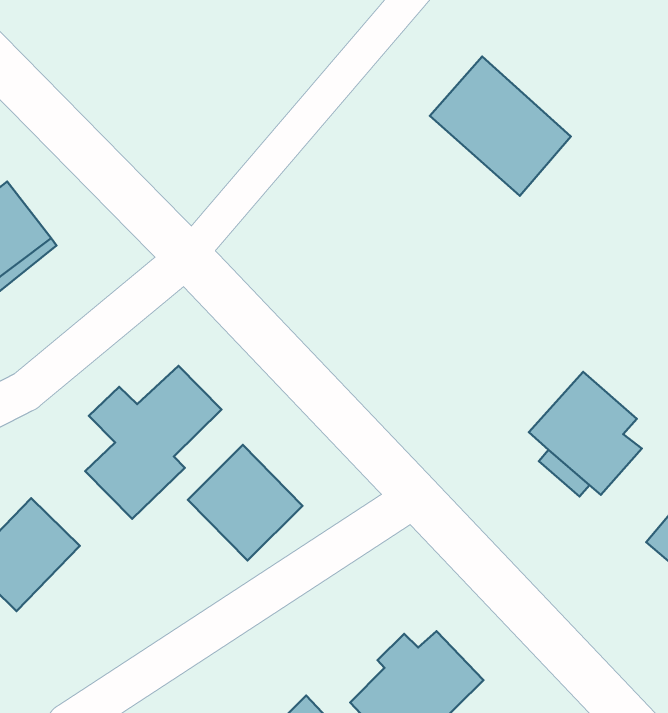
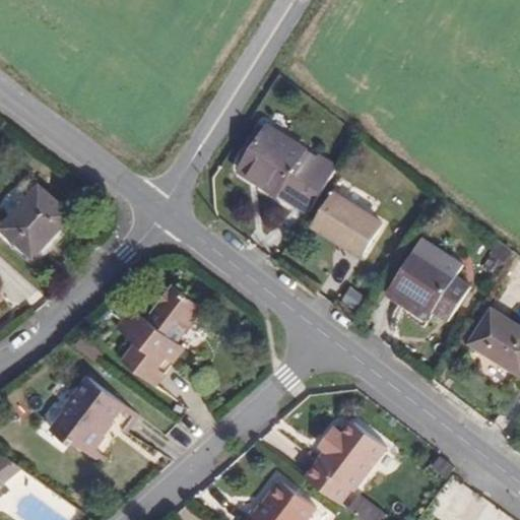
building: [430,57,571,196] -> [242,130,333,214]
building: none -> [314,184,390,259]
building: [188,445,303,561] -> none

